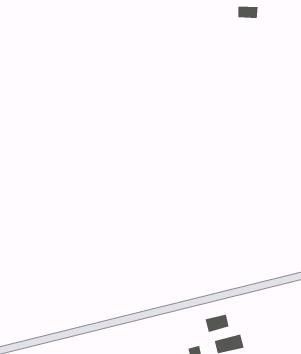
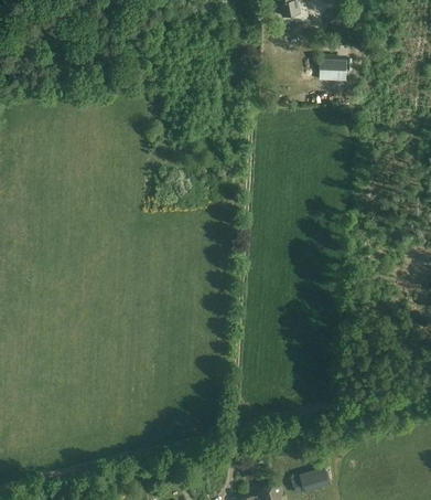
building: [205,314,229,333] -> none

